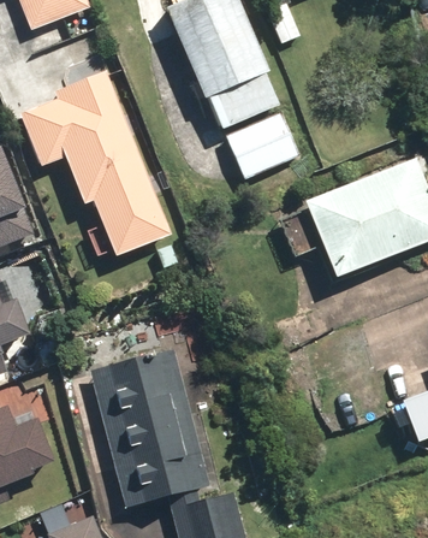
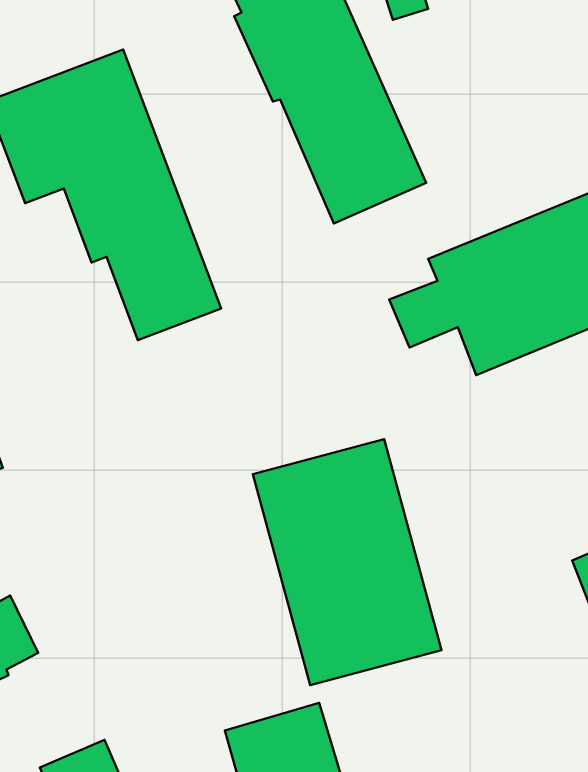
building: [89,347,212,507] -> [253,439,441,685]

